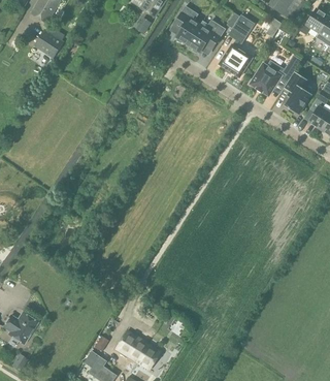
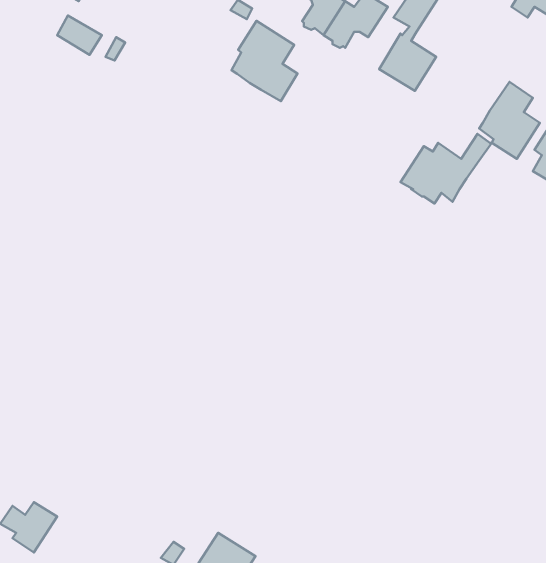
building: none -> [231,21,297,101]
building: [251,55,303,95] -> [400,134,492,204]

